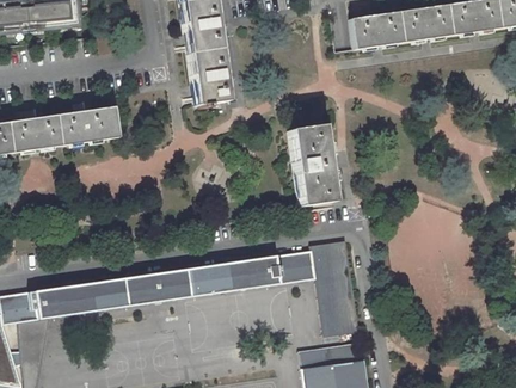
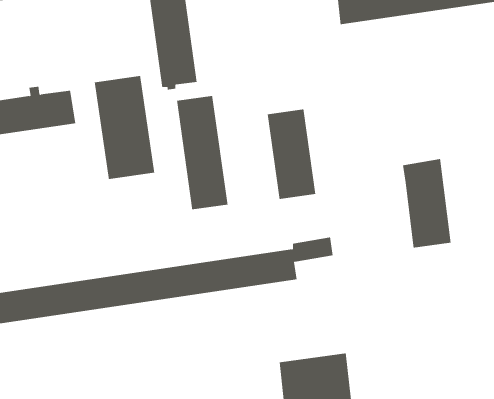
building: none -> [94,75,155,180]
building: none -> [176,95,228,210]
building: [314,255,358,335] -> [402,159,451,248]

